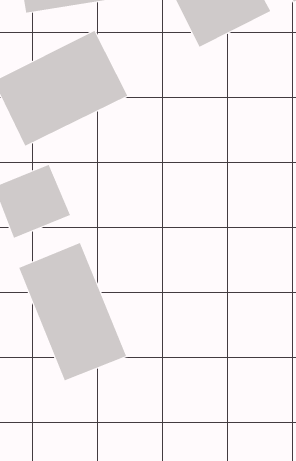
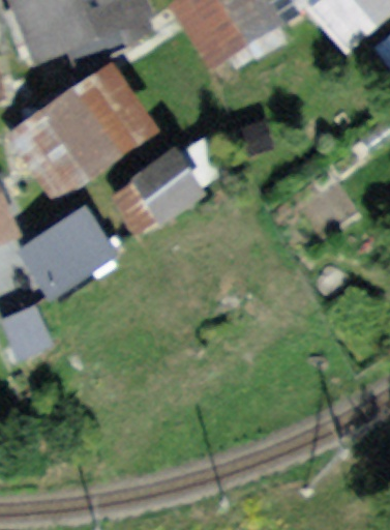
building: none -> [132,138,223,224]
building: [18,242,127,381] -> none

